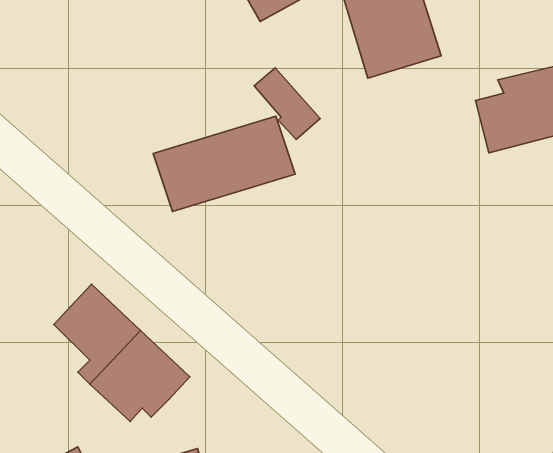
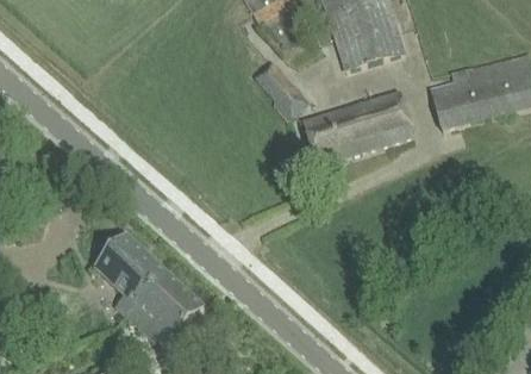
building: [153,116,295,212] -> [300,91,413,167]

